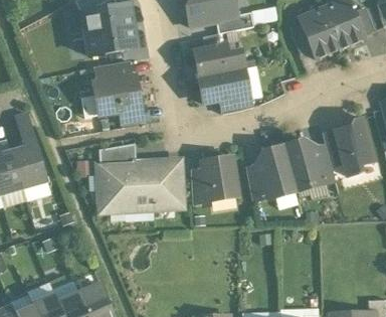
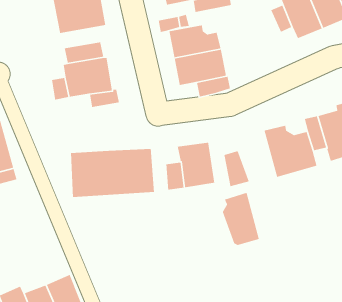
building: [99,143,136,166] -> none
building: [259,145,296,196] -> [222,192,260,246]

